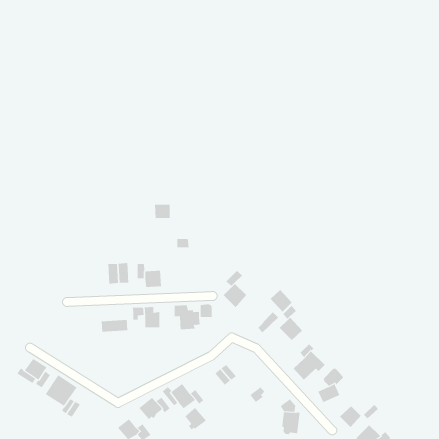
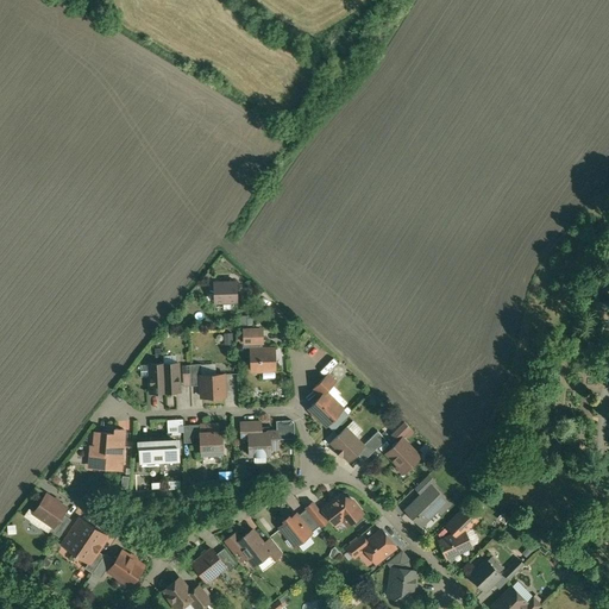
building: none -> [250,349,274,373]
building: [270,289,293,312] -> [331,429,363,462]
building: none -> [89,429,124,470]
building: none -> [322,496,362,526]
building: none -> [362,530,394,564]
building: none -> [108,552,143,586]
building: [184,407,207,430] -> [280,515,310,547]

